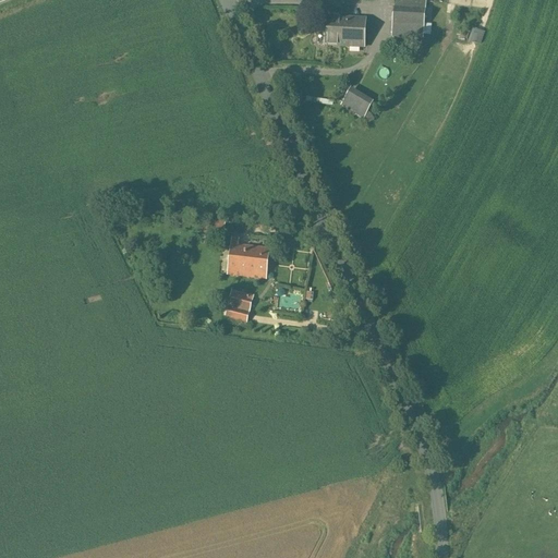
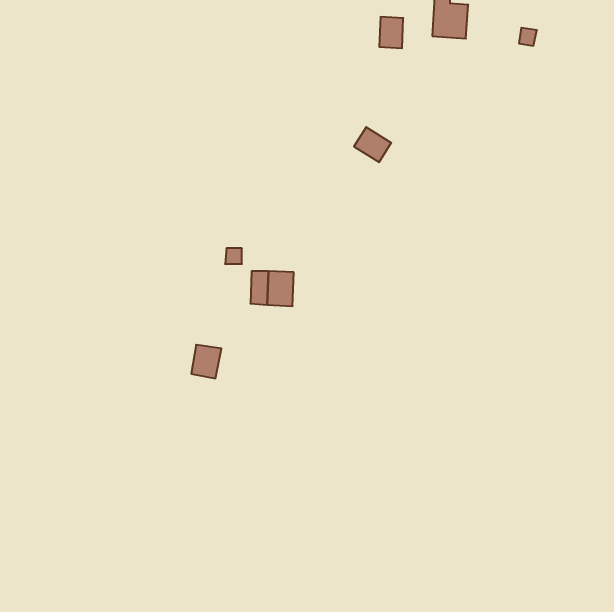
building: [317,14,344,43] -> none
building: [339,85,373,117] -> [354,127,391,162]
building: [227,291,254,322] -> [191,345,221,378]

